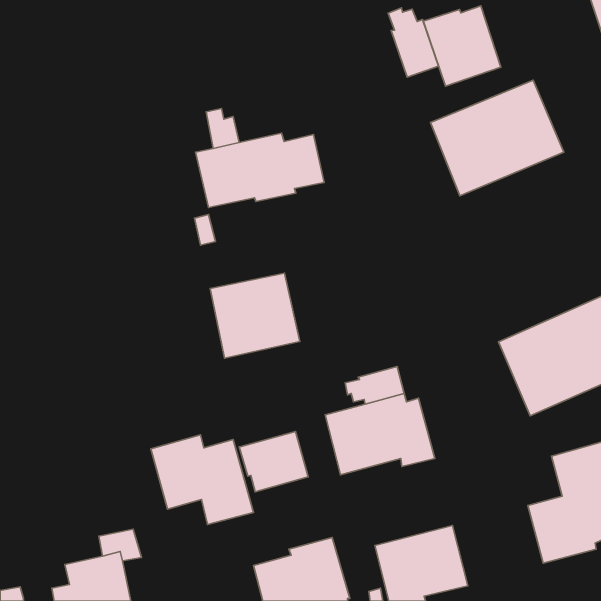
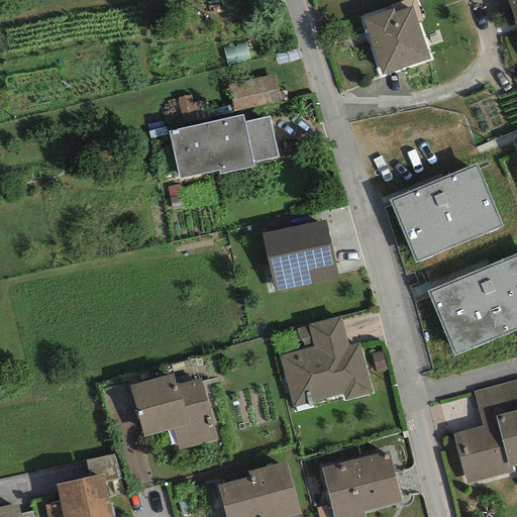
building: [388,8,438,77] -> none
building: [431,80,564,196] -> [390,163,504,262]
building: none -> [228,74,282,111]
building: [210,273,300,358] -> [263,219,339,292]
building: [239,432,308,492] -> none

